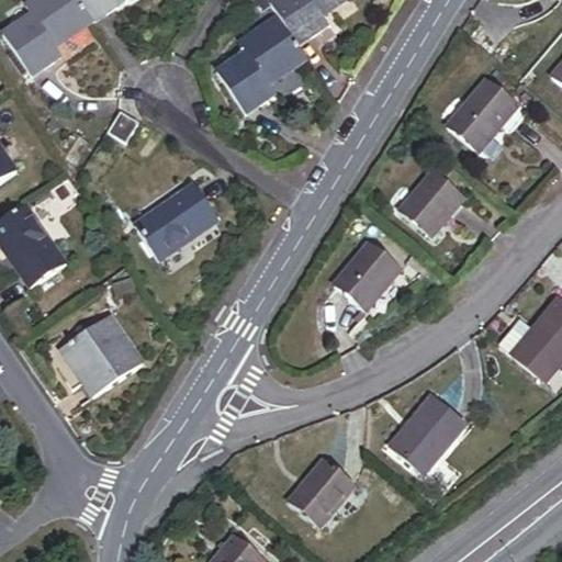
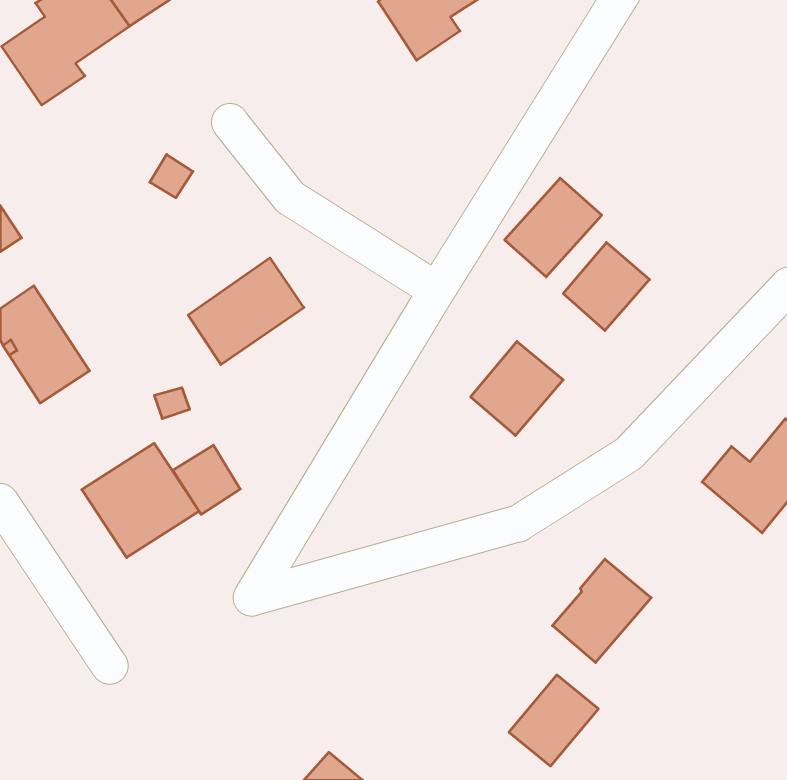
building: [217,14,306,112] -> none
building: [449,80,518,150] -> [505,178,602,277]
building: none -> [173,445,240,514]
building: [290,459,353,524] -> [509,675,598,766]

